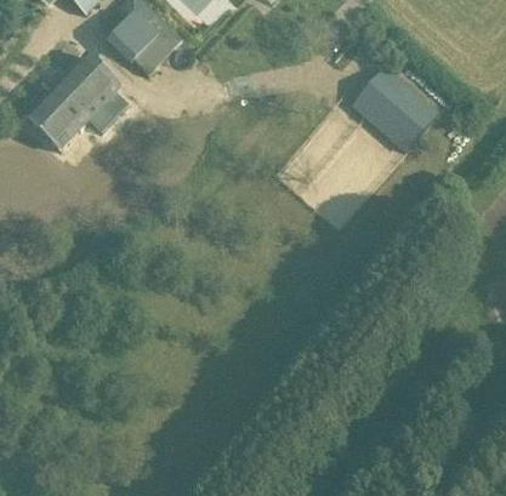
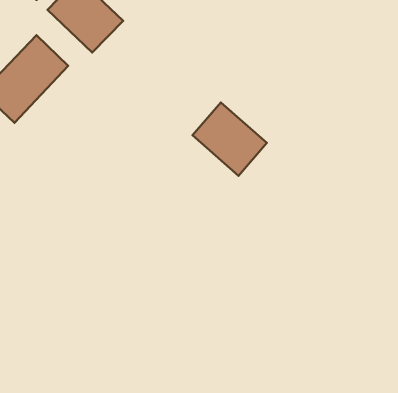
building: [356,67,438,148] -> [192,102,267,176]

